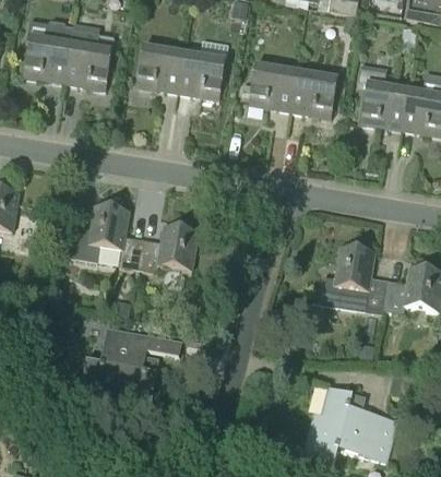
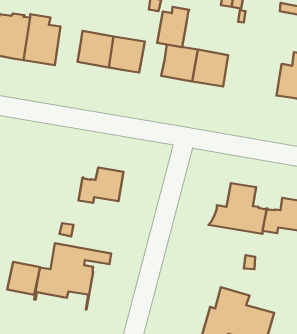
building: none -> [157,7,189,47]
building: [357,64,408,130] -> none
building: [69,205,143,270] -> none
building: none -> [7,262,40,295]

